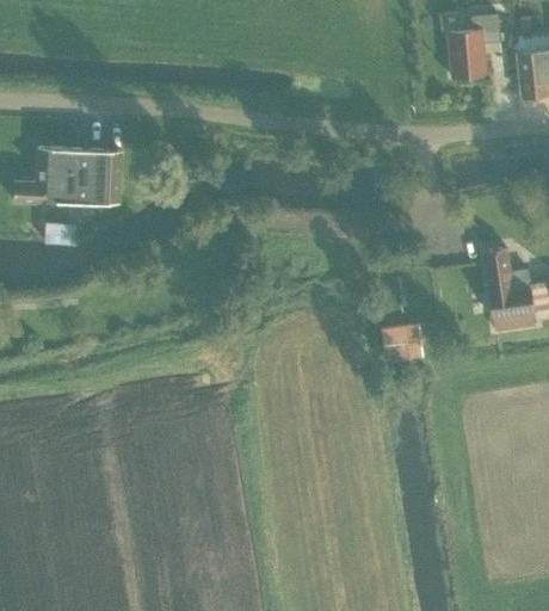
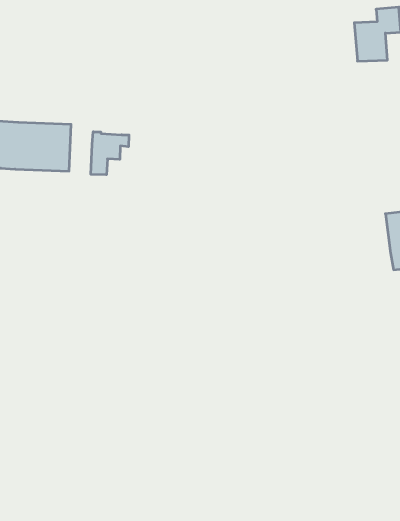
building: none -> [91,132,129,175]
building: [384,326,412,362] -> none

